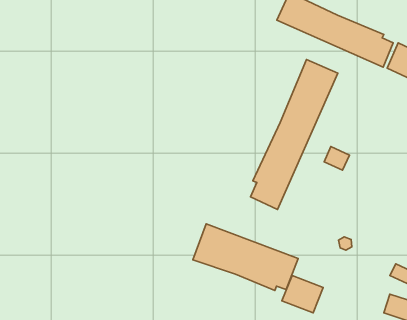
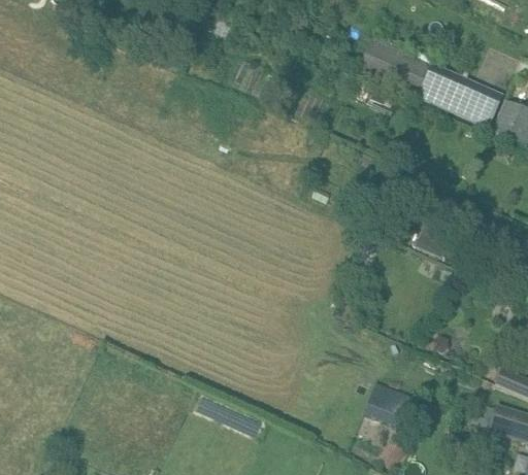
building: [251,60,338,210] -> none
building: [193,224,298,291] -> none

